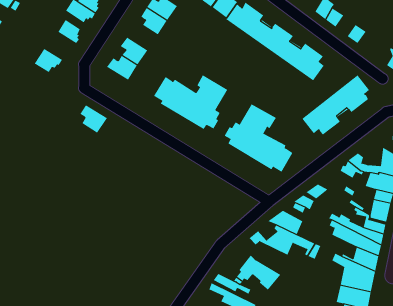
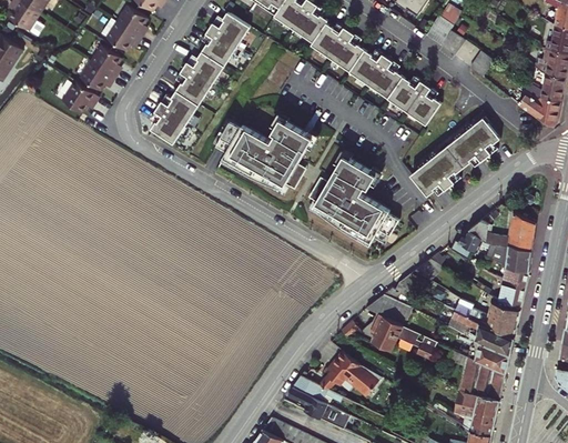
building: none -> [181,52,222,85]
building: none -> [80,61,115,92]
building: [80,105,108,134] -> [146,107,183,144]

